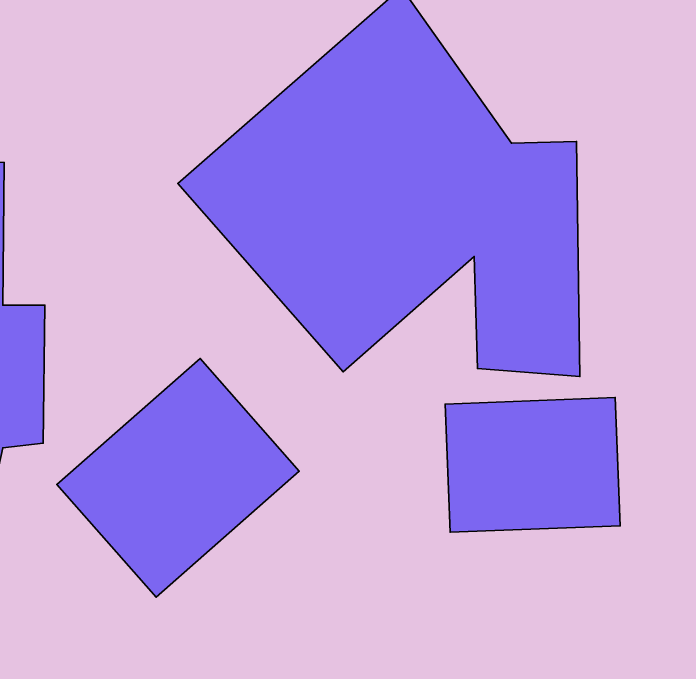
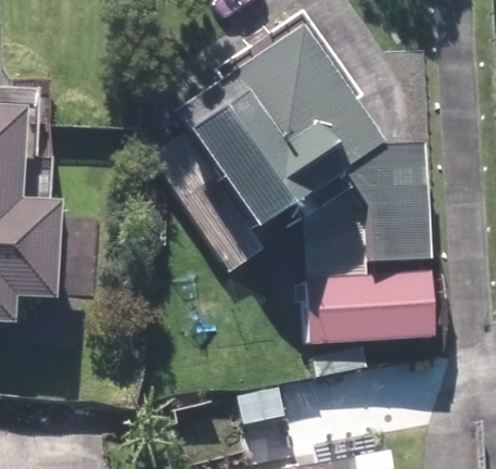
building: [57,359,299,597] -> none

